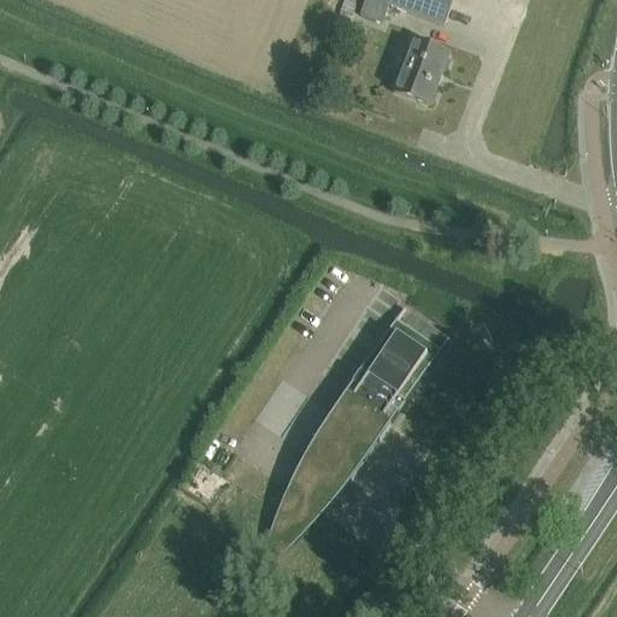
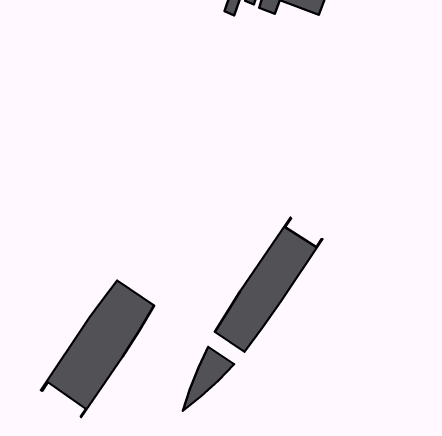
building: [393,35,448,100] -> none
building: none -> [41,281,154,417]

